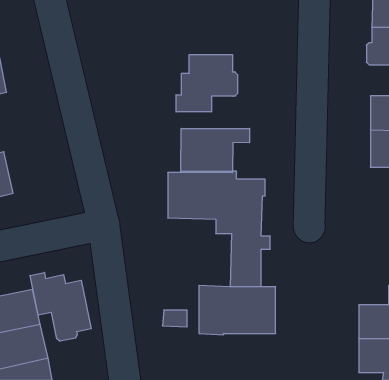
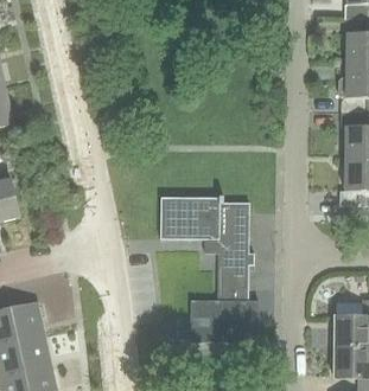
building: [176,55,238,112] -> none
building: [181,128,250,171] -> none
building: [30,272,91,341] -> none

